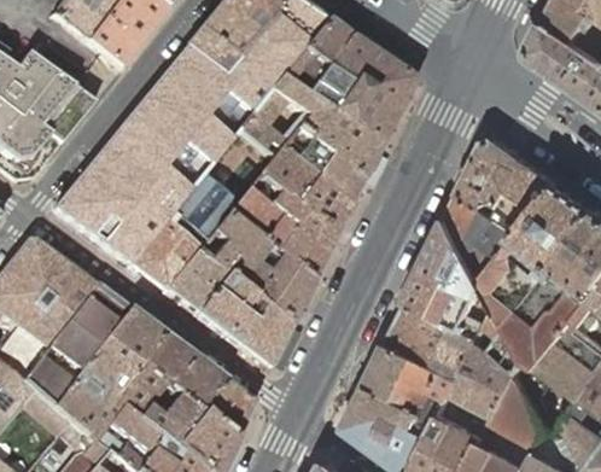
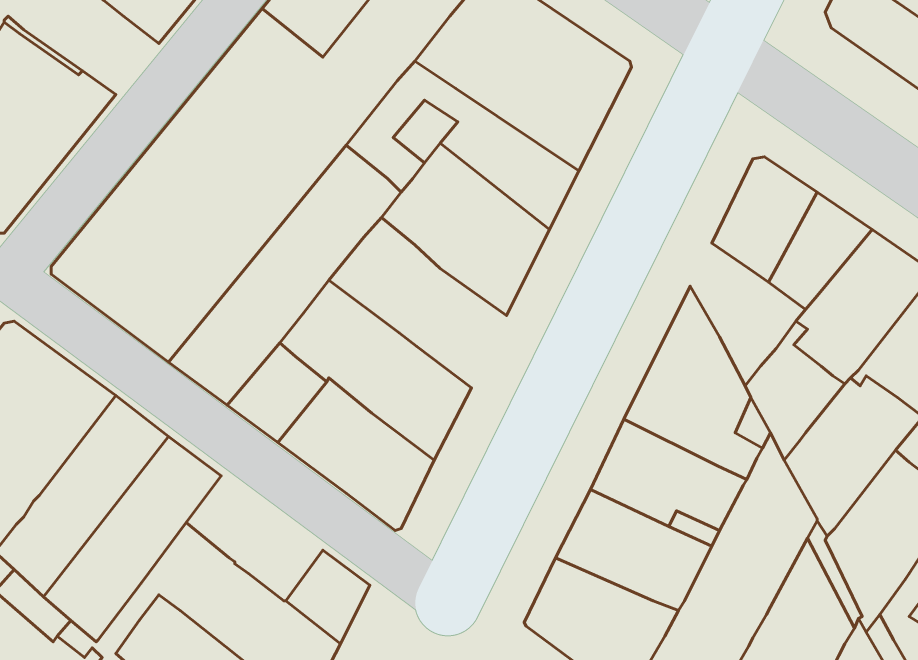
building: [228,171,338,276] -> none
building: [451,187,523,275] -> none
building: [140,331,224,408] -> none

